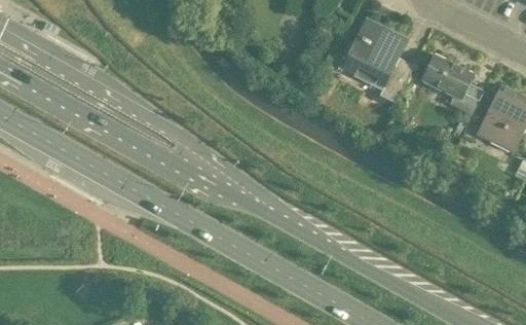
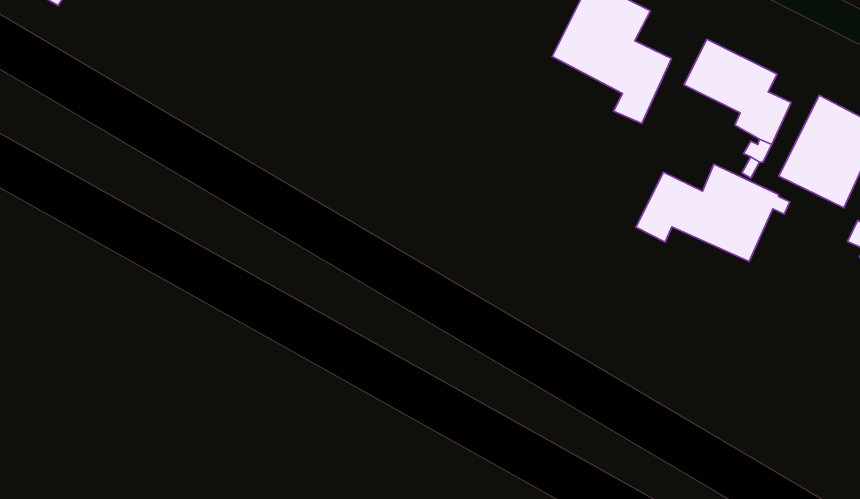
building: none -> [636,164,790,261]

